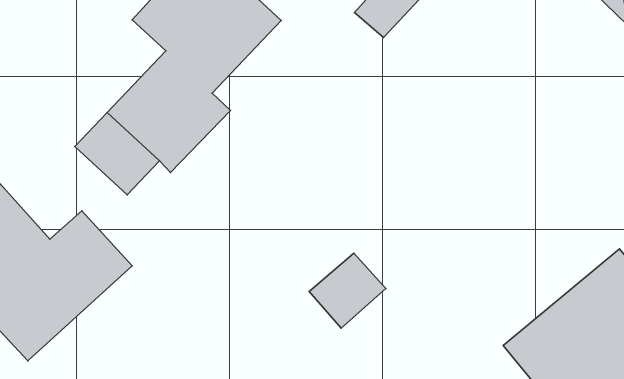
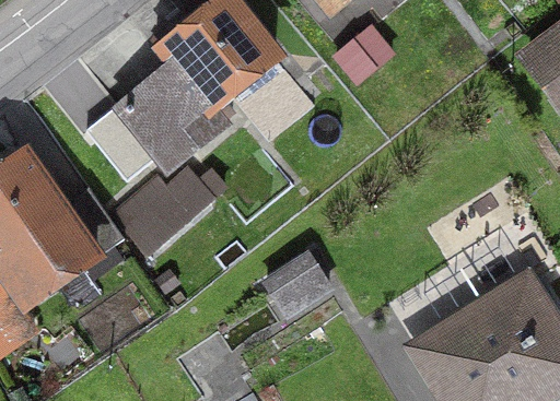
building: none -> [115,173,209,253]

